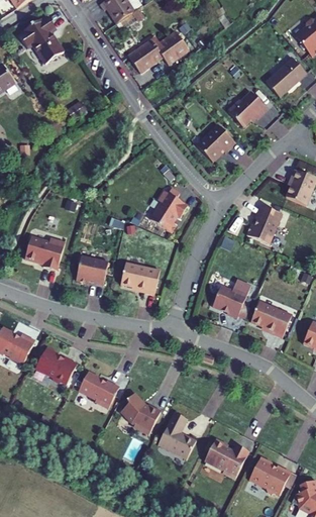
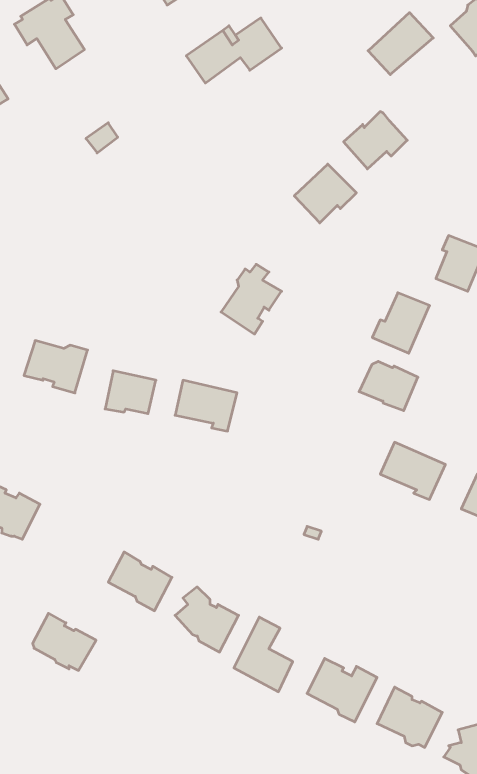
building: [266,58,307,97] -> [368,13,433,75]
building: [210,286,247,317] -> [359,361,418,411]
building: [37,346,78,383] -> [33,613,96,670]

